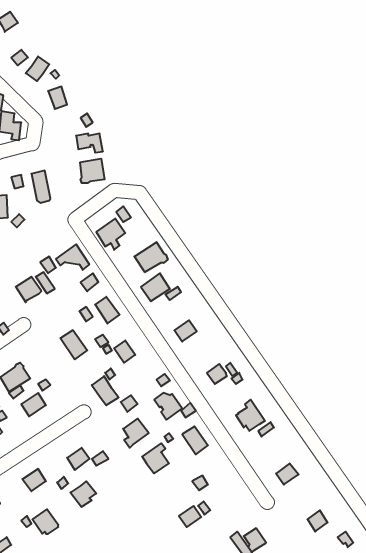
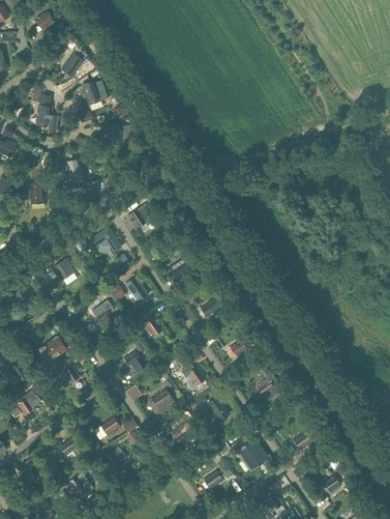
building: [80,159,105,183] -> none
building: [134,242,168,272] -> none
building: none -> [231,436,265,468]

